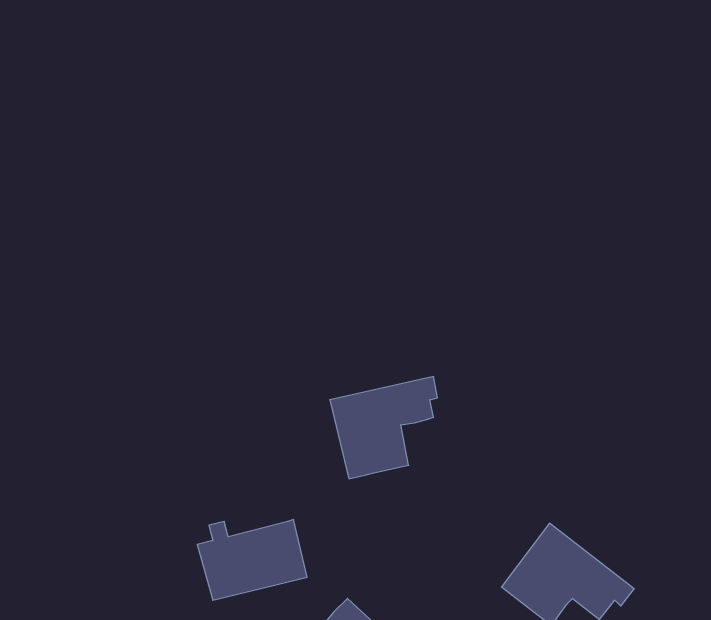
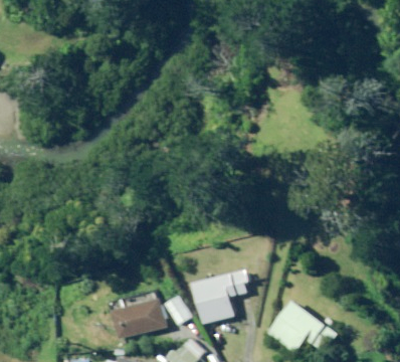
building: [330,377,437,479] -> [193,270,249,324]
building: none -> [165,296,191,325]

